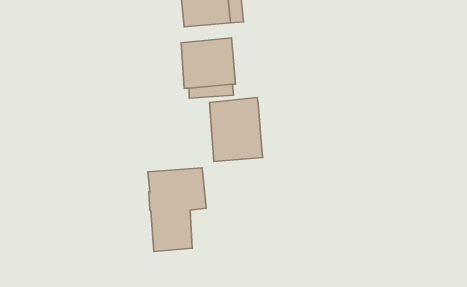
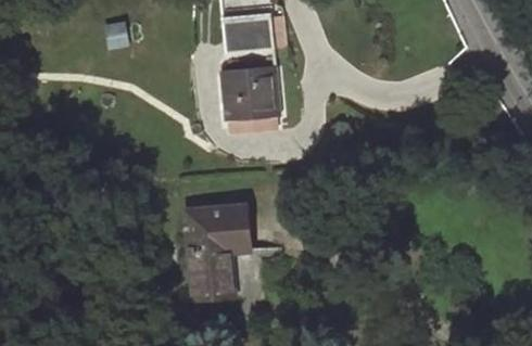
building: [210,97,263,162] -> none

